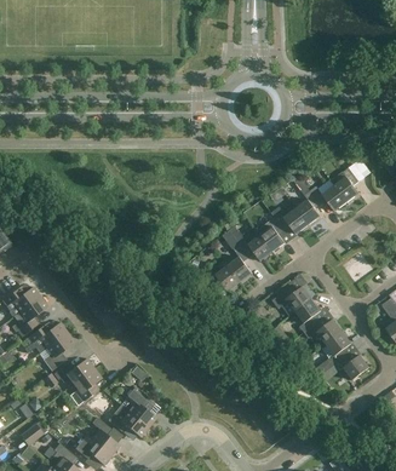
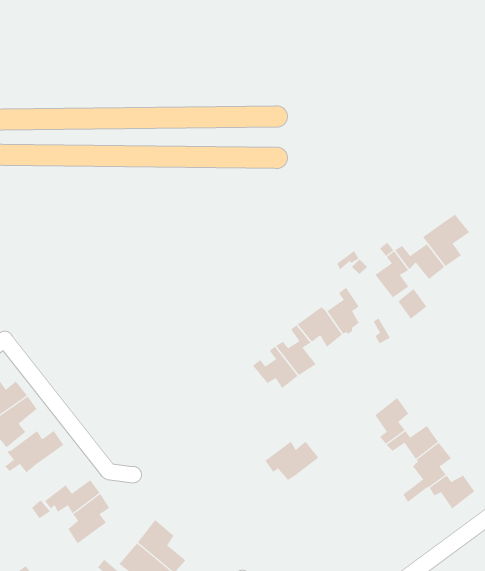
building: [270,207,309,235] -> none
building: [272,286,312,315] -> [265,441,319,481]
building: [42,333,75,371] -> none

